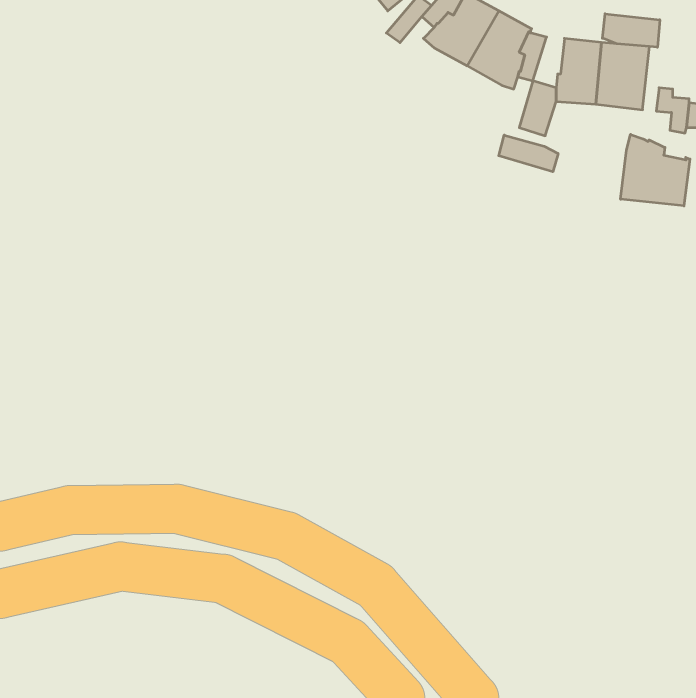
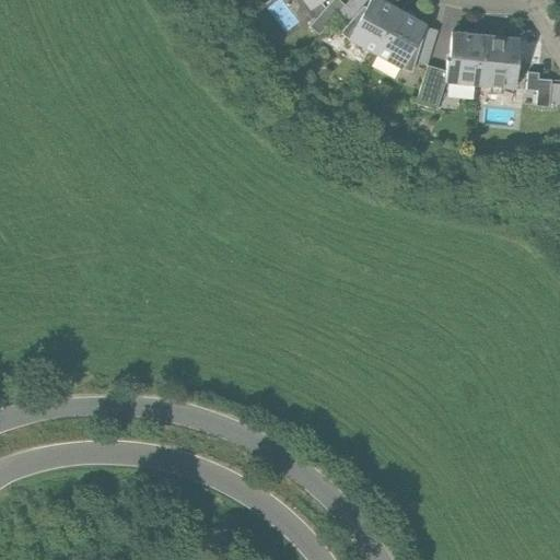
building: [602,14,660,47] -> none
building: [621,134,690,206] -> none
building: [499,135,558,172] -> none

